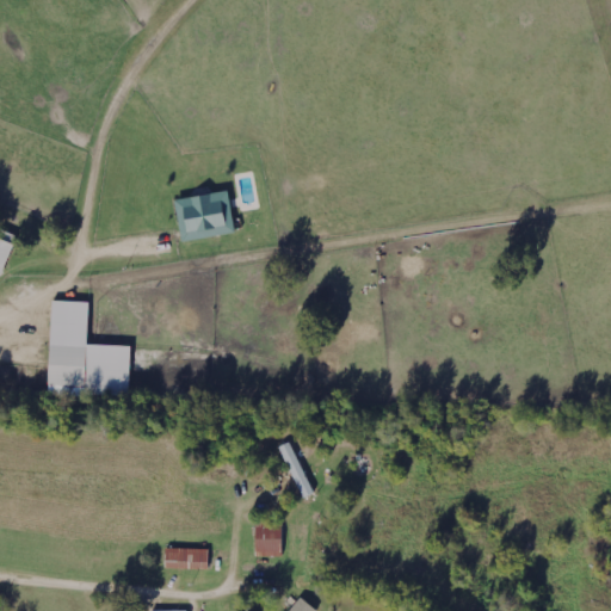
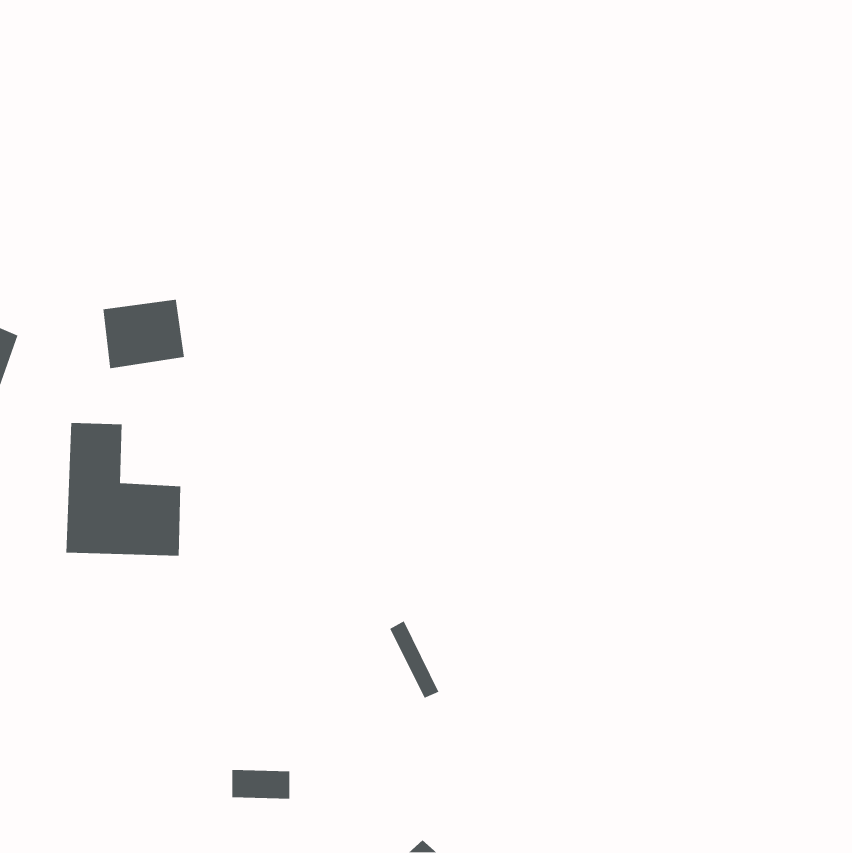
building: [174,191,233,241] -> [103,299,185,369]
building: [254,519,280,555] -> none

